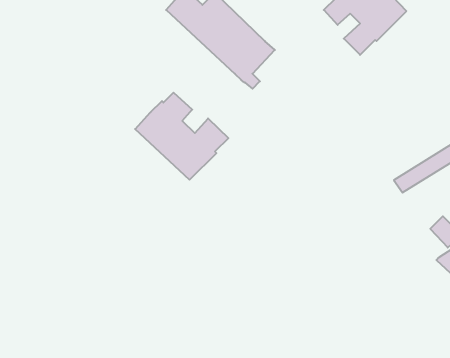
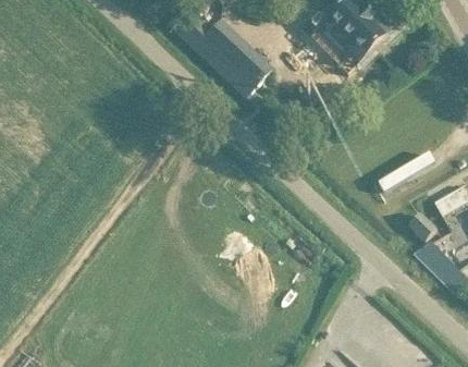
building: [135,93,228,180] -> none

